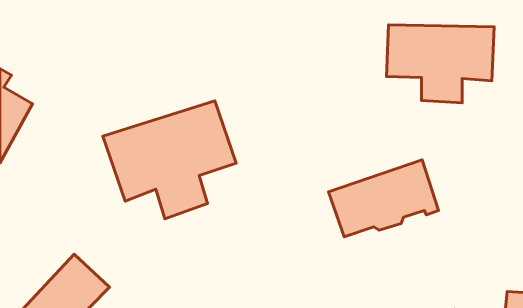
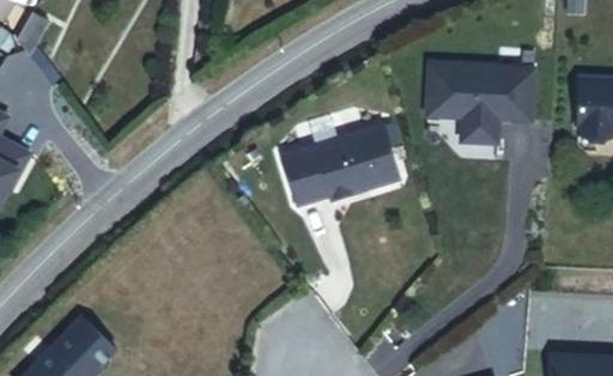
building: [103,101,236,219] -> none
building: [329,160,439,237] -> [277,126,396,210]

